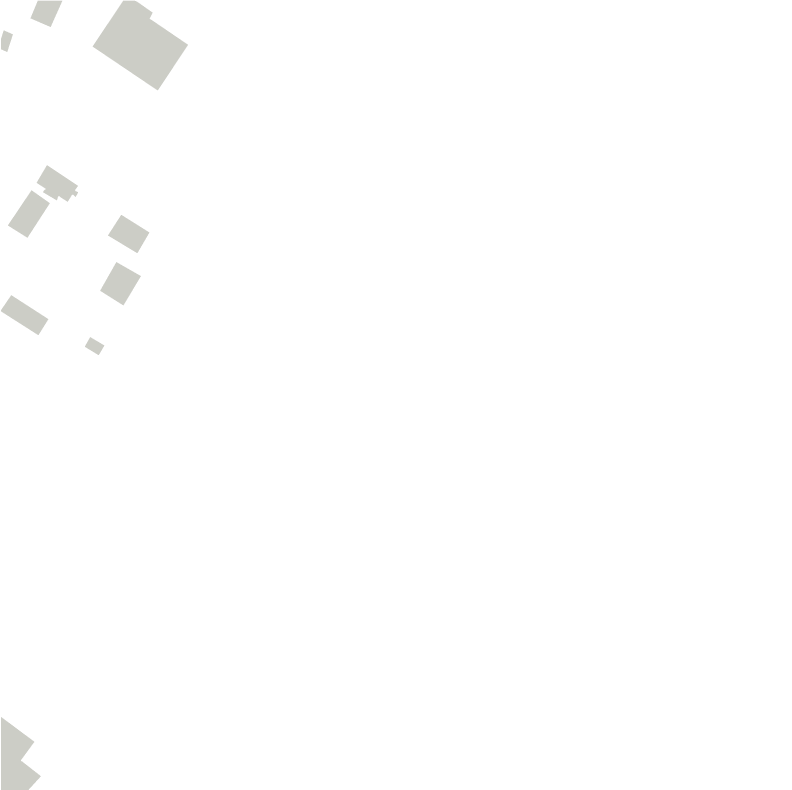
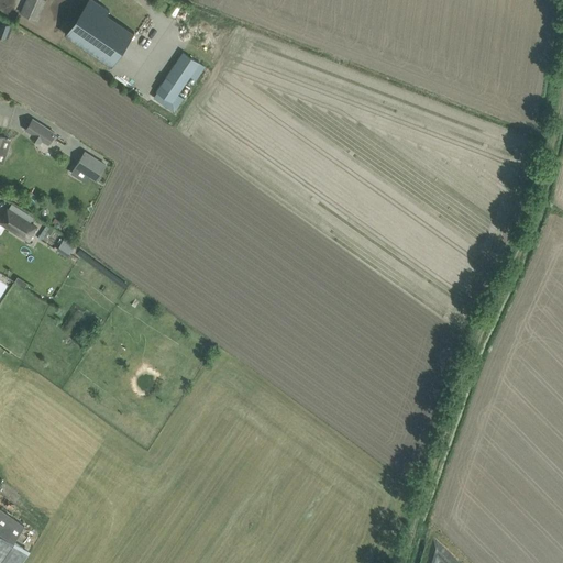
building: none -> [153,52,206,113]
building: [7,189,51,239] -> none
building: [99,261,142,306] -> none

